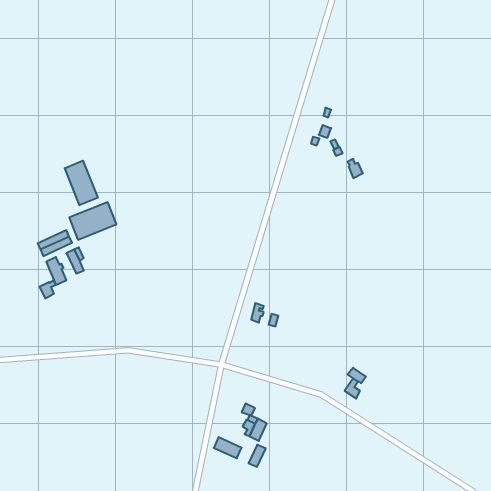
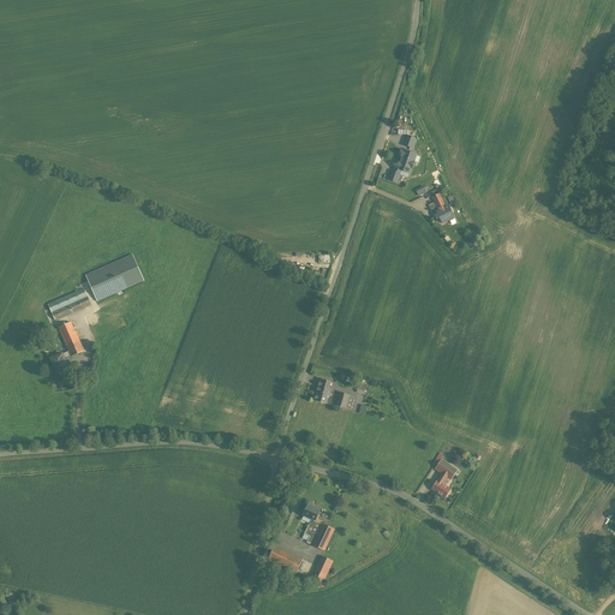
building: [65,161,98,205] -> none

